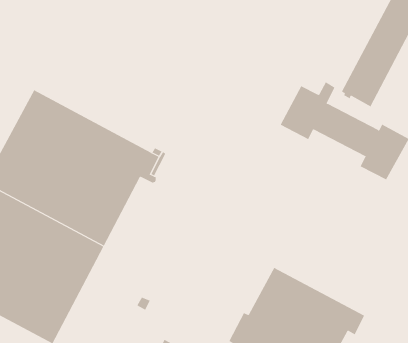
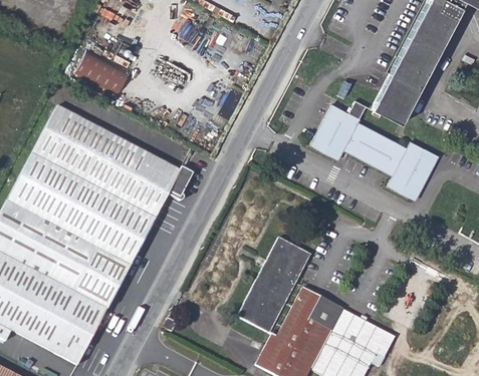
building: none -> [74,49,130,95]
building: none -> [238,236,310,332]

